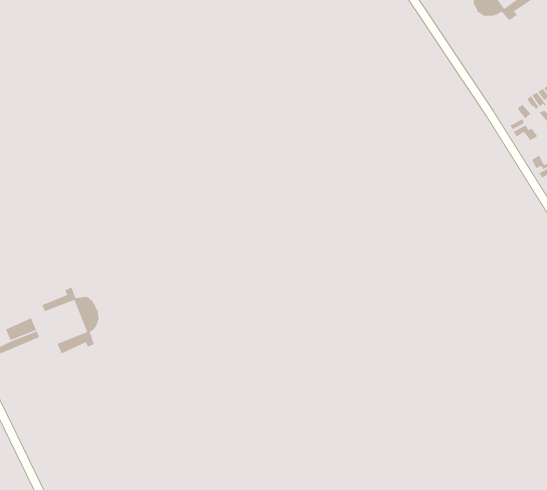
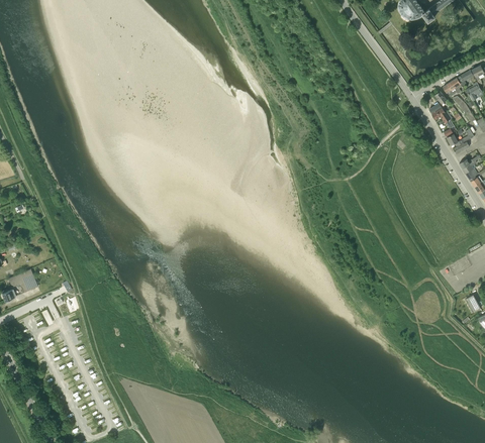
building: [41,287,99,354] -> none

